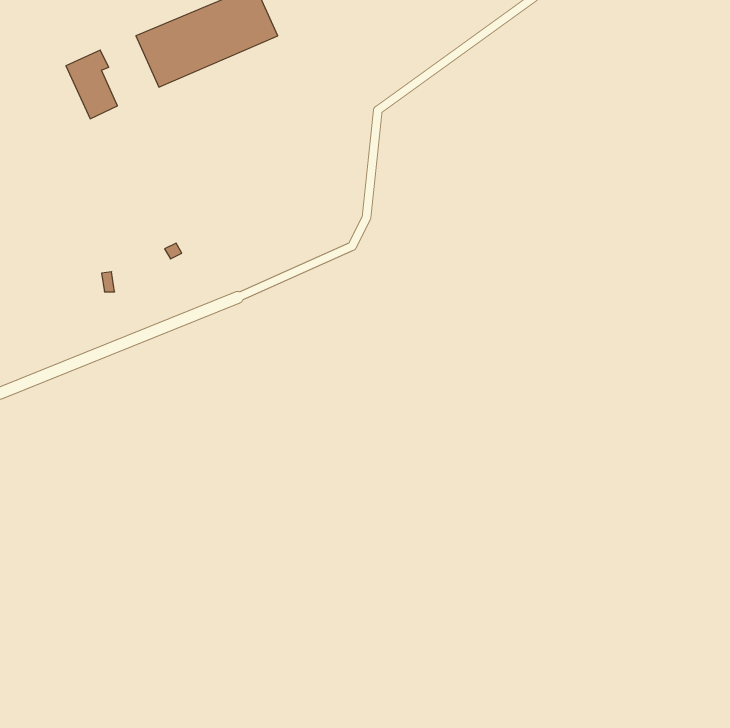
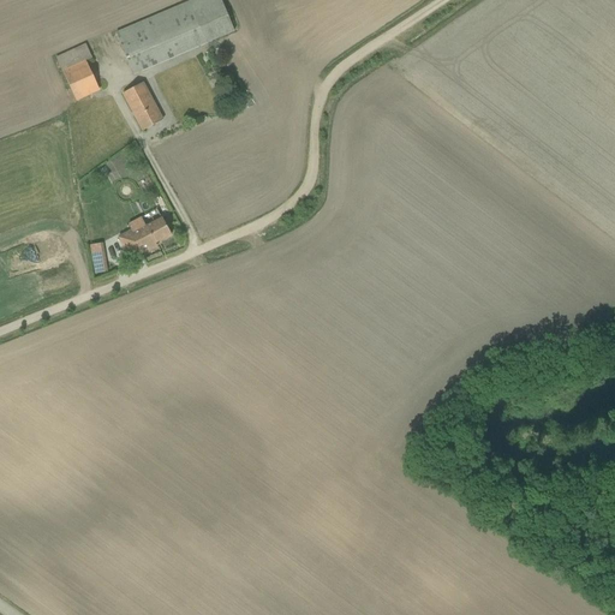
building: none -> [123,80,165,130]
building: none -> [119,215,172,257]

